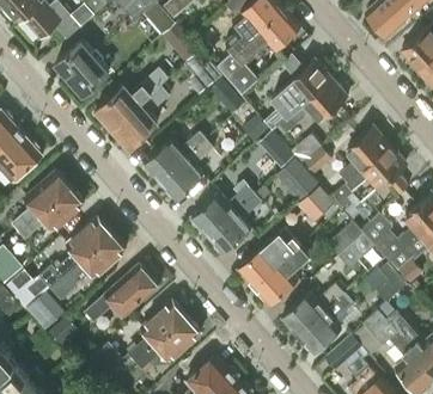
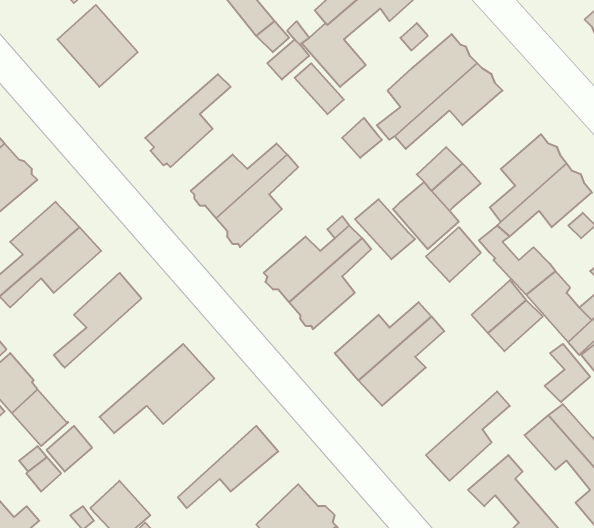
building: [97,69,167,129] -> none
building: [257,131,297,171] -> [355,199,415,259]
building: [50,234,127,300] -> none
building: [282,285,344,337] -> none
building: [128,301,187,364] -> none

